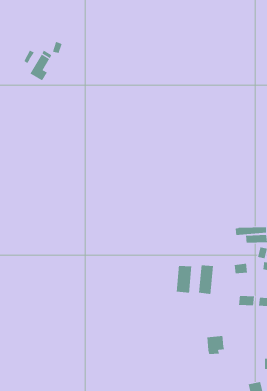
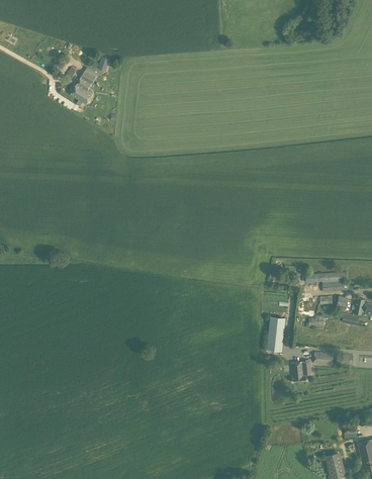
building: [176,265,192,294] -> none
building: [207,335,225,355] -> [290,360,311,382]

